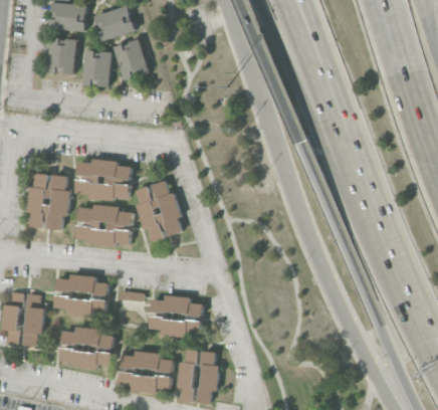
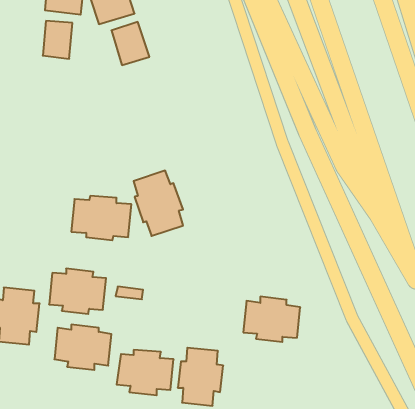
building: [81,49,111,86] -> none
building: [73,159,131,201] -> none
building: [27,173,69,230] -> none
building: [148,294,202,338] -> [243,297,300,342]

